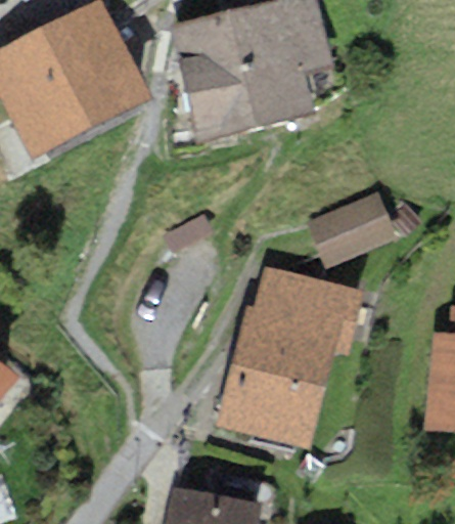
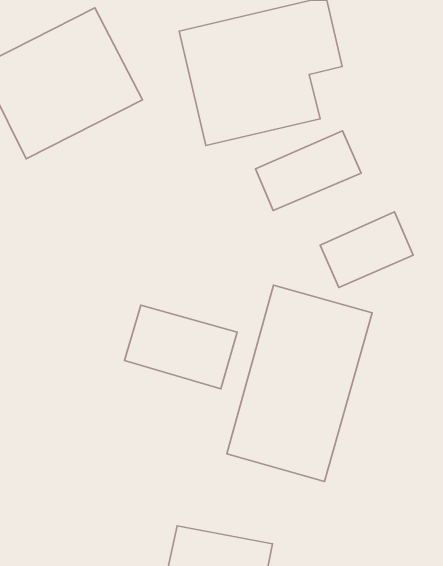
building: none -> [256,131,361,211]
building: none -> [124,305,237,389]

